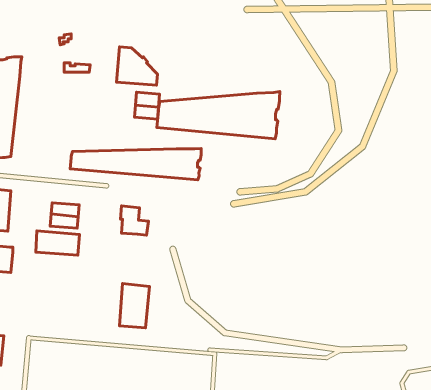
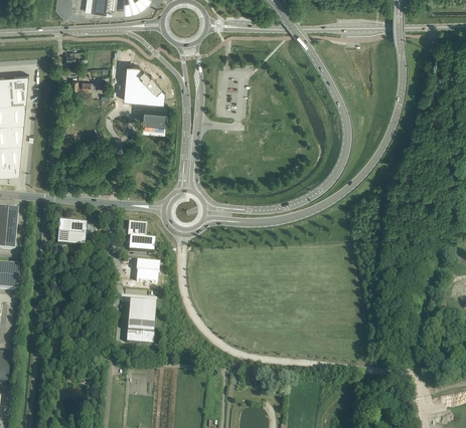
building: [157,91,280,139] -> none
building: [70,148,201,180] -> none
building: [36,231,79,255] -> none
building: none -> [135,261,157,281]

